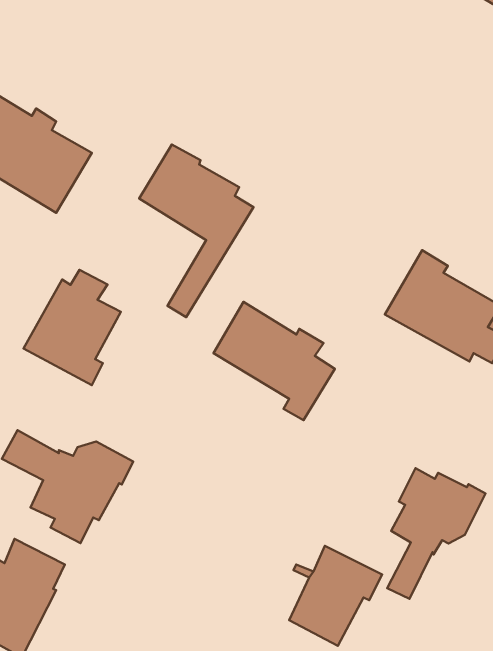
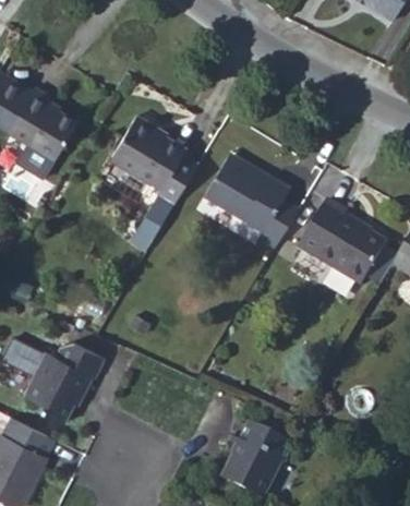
building: [23,270,121,385] -> none
building: [213,302,335,420] -> [206,157,299,248]
building: [387,468,486,599] -> none

